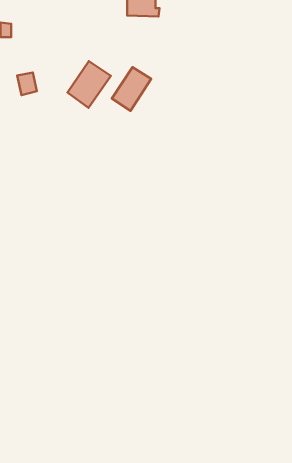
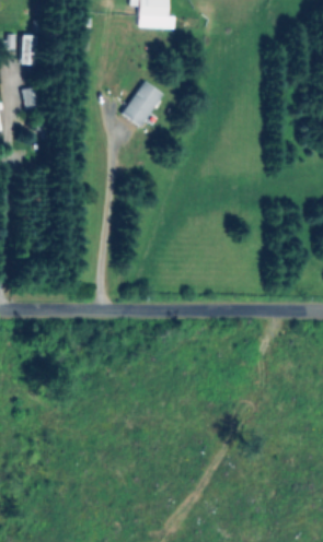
building: none -> [21,35,37,64]
building: [68,61,111,108] -> none

